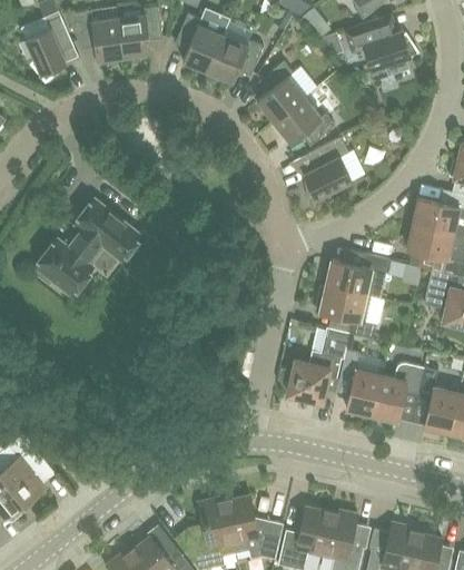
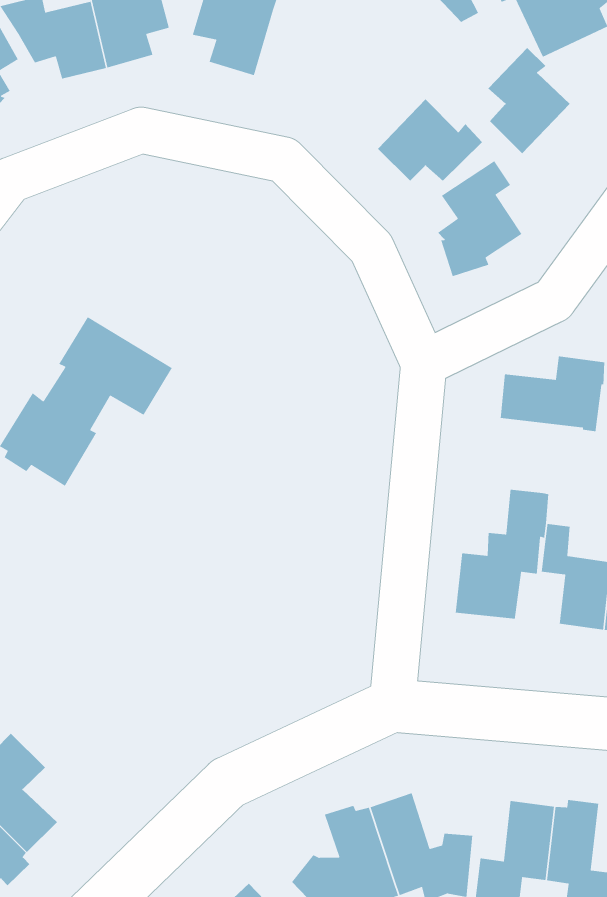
building: [207,35,263,82] -> none
building: [256,60,304,121] -> [487,47,570,154]
building: [316,285,375,337] -> none

